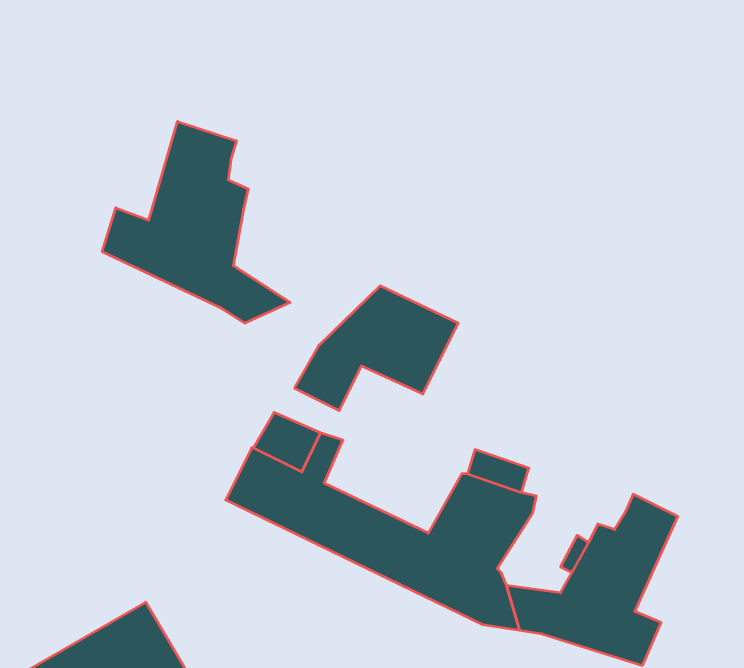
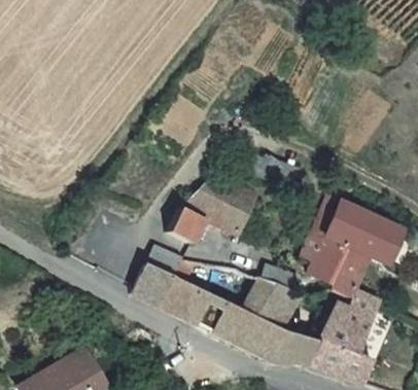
building: [102,121,290,323] -> none
building: none -> [303,197,403,297]

